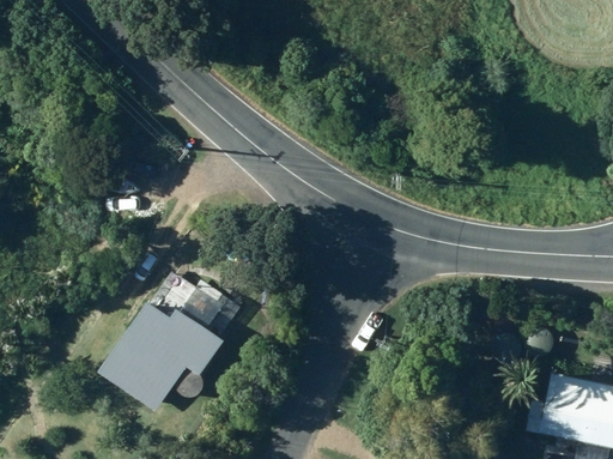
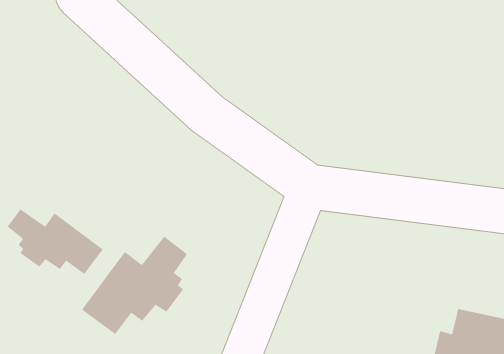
building: none -> [7,209,104,275]

